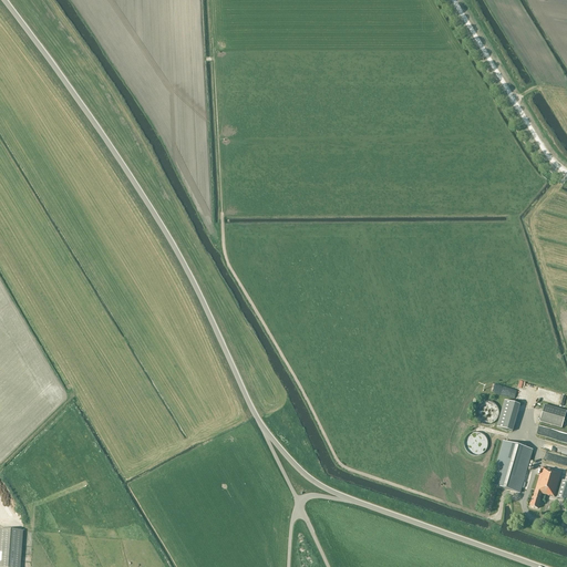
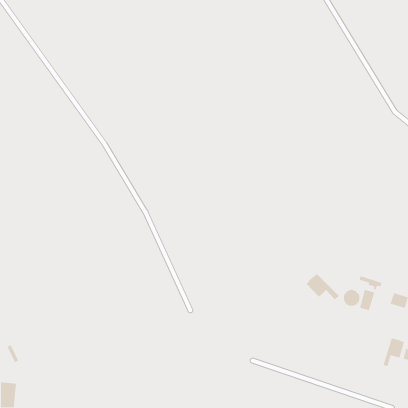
building: none -> [306,273,339,300]
building: [492,441,533,493] -> none

